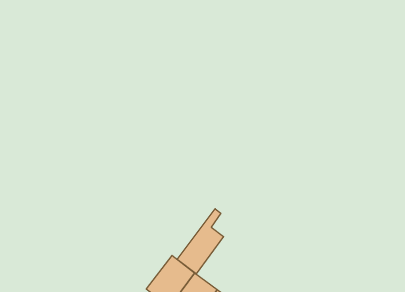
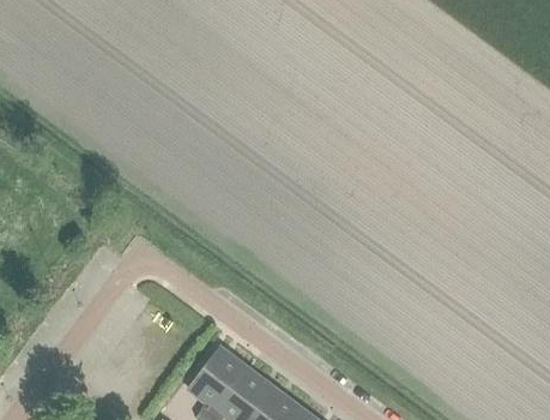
building: [177,209,224,274] -> none

